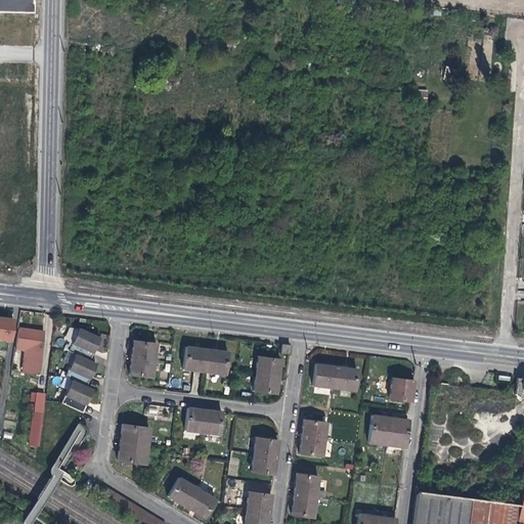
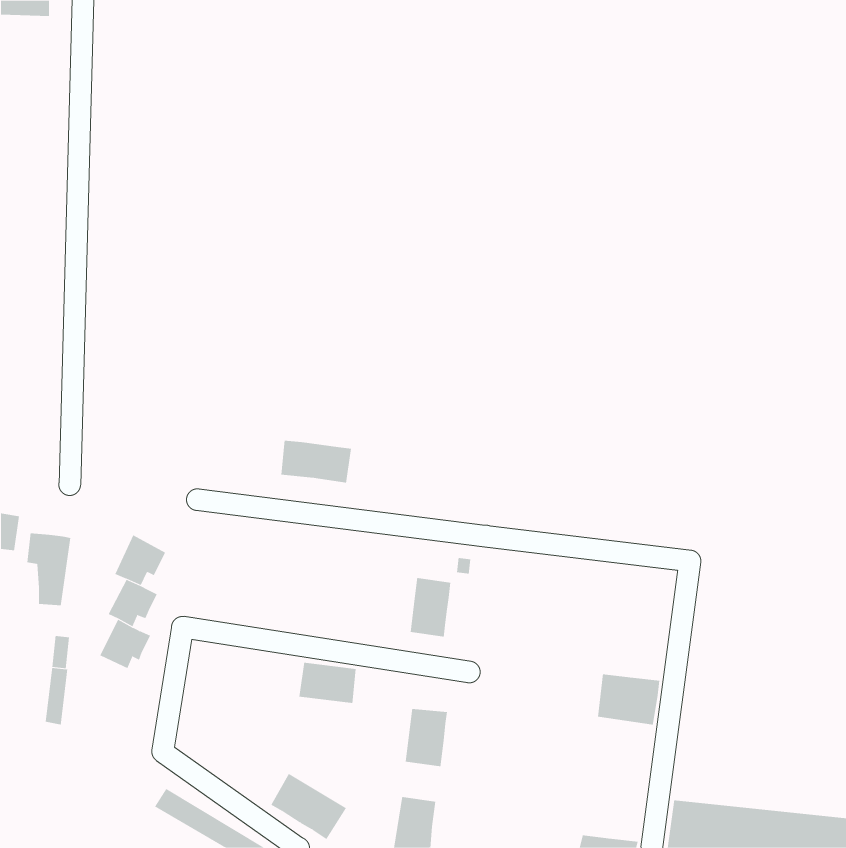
building: [130,340,157,377] -> none
building: [184,347,228,374] -> [280,440,352,483]
building: [313,363,356,390] -> none
building: [389,379,413,400] -> none
building: [300,420,325,455] -> none
building: [118,425,149,464] -> none
building: [292,473,318,517] -> none

